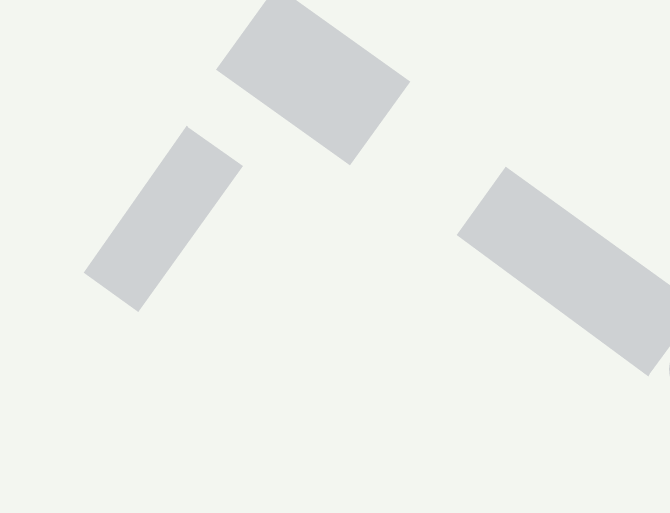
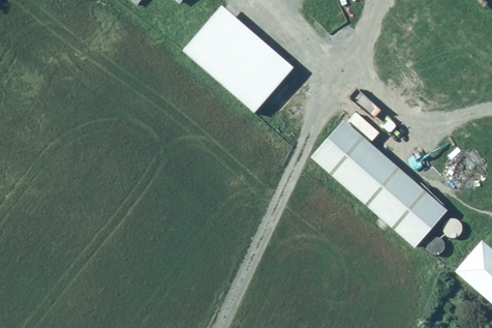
building: [83,125,244,313] -> none

